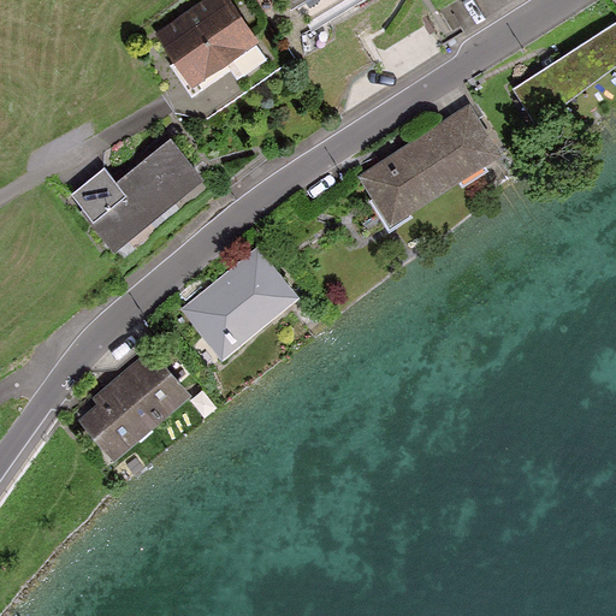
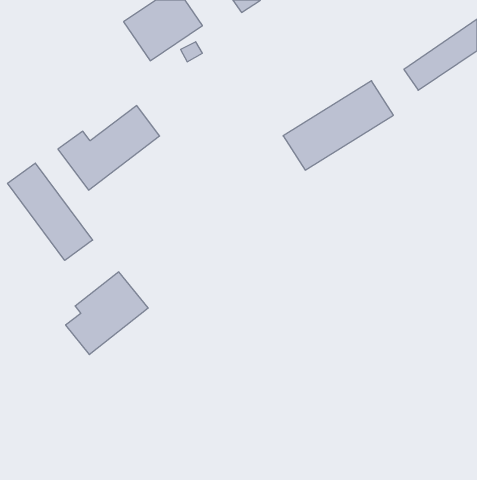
building: none -> [8,163,93,260]
building: [183,255,294,359] -> none

